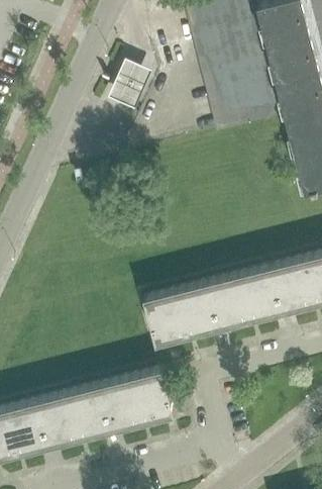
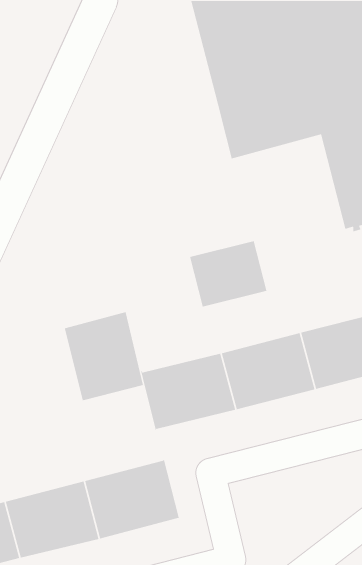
building: [107,58,150,106] -> none
building: none -> [189,240,267,308]
building: none -> [63,311,144,404]

